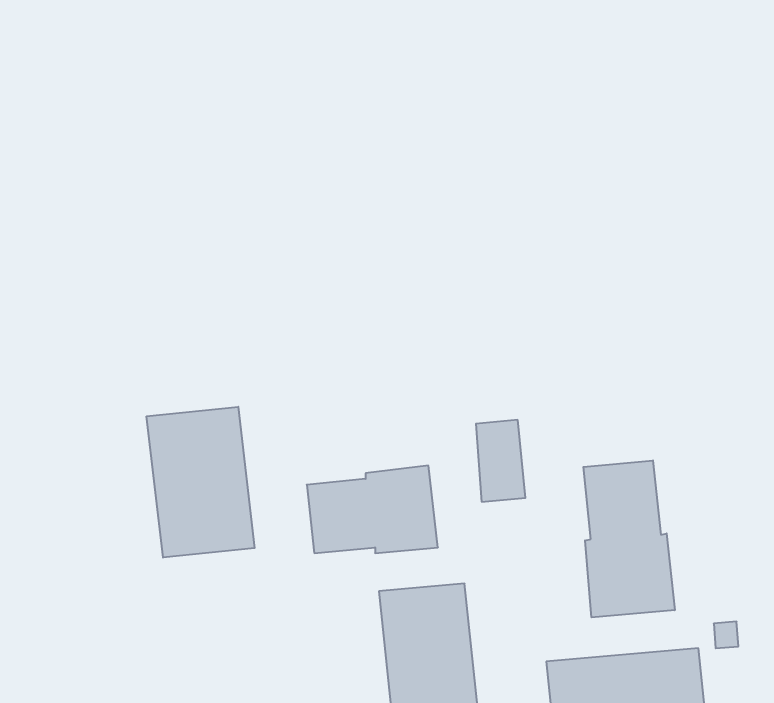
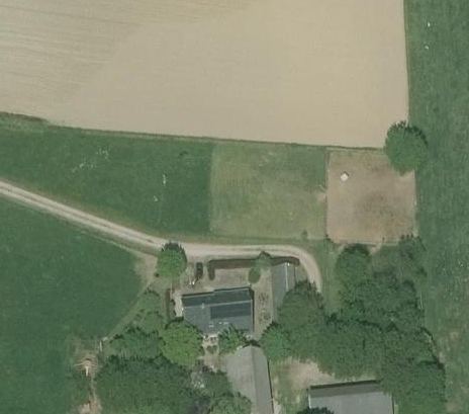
building: [147,407,255,558] -> none
building: [583,460,675,617] -> none

